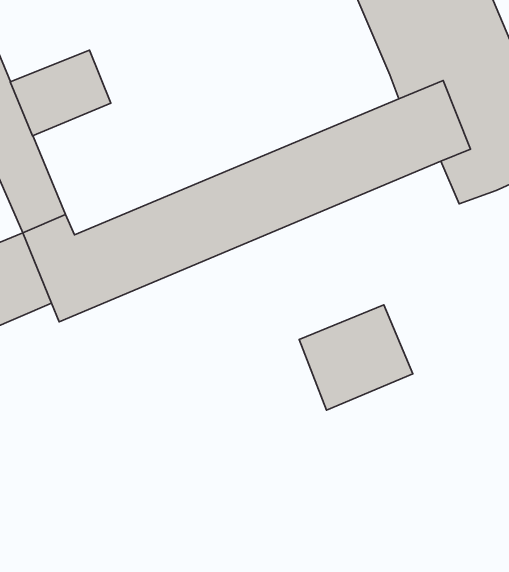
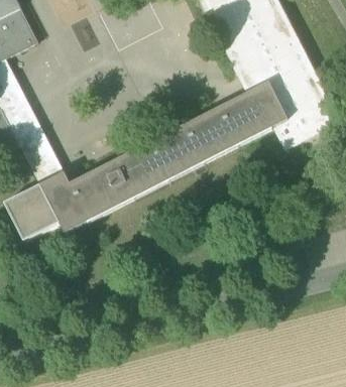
building: [10,50,111,136] -> none
building: [299,305,413,410] -> none

